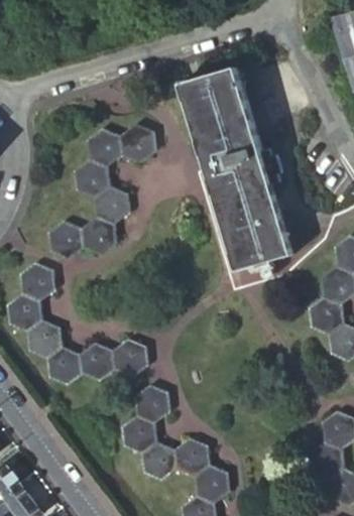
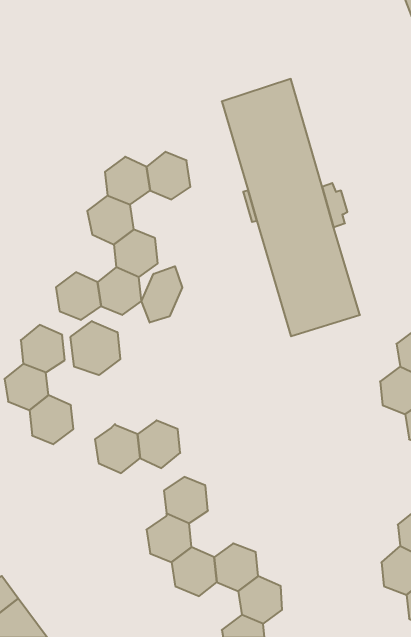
building: none -> [141,266,182,323]
building: none -> [71,321,120,375]
building: [45,347,82,386] -> none

